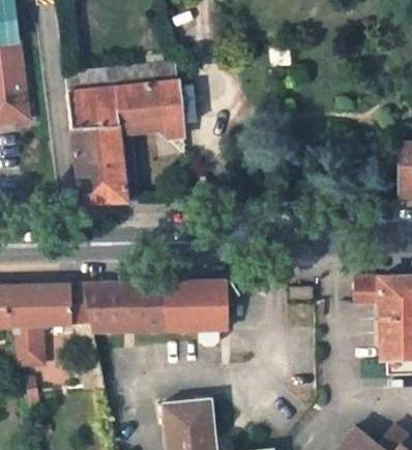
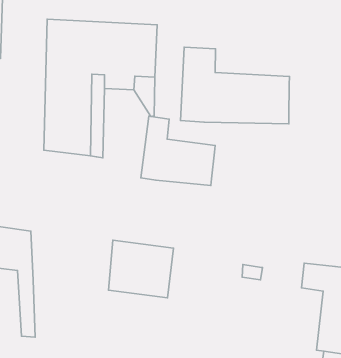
building: none -> [181,47,289,124]
building: none -> [141,116,215,186]
building: [83,280,168,331] -> none

